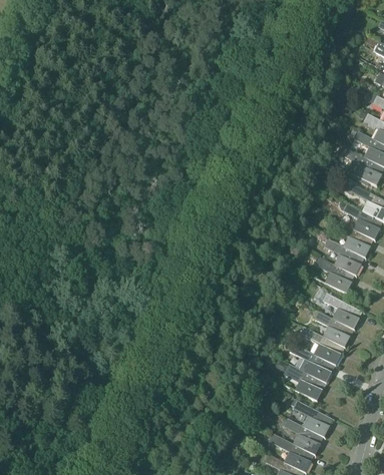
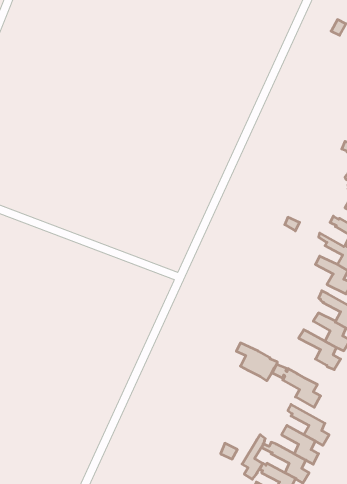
building: [295,347,334,383] -> [236,343,277,381]
building: none -> [242,435,265,479]

